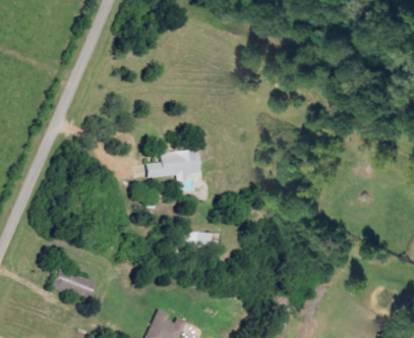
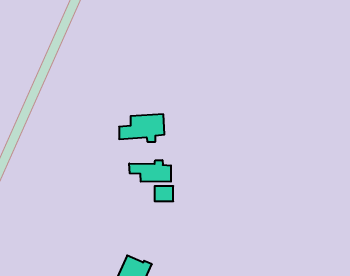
building: none -> [129,160,171,182]
building: [49,269,92,298] -> none

